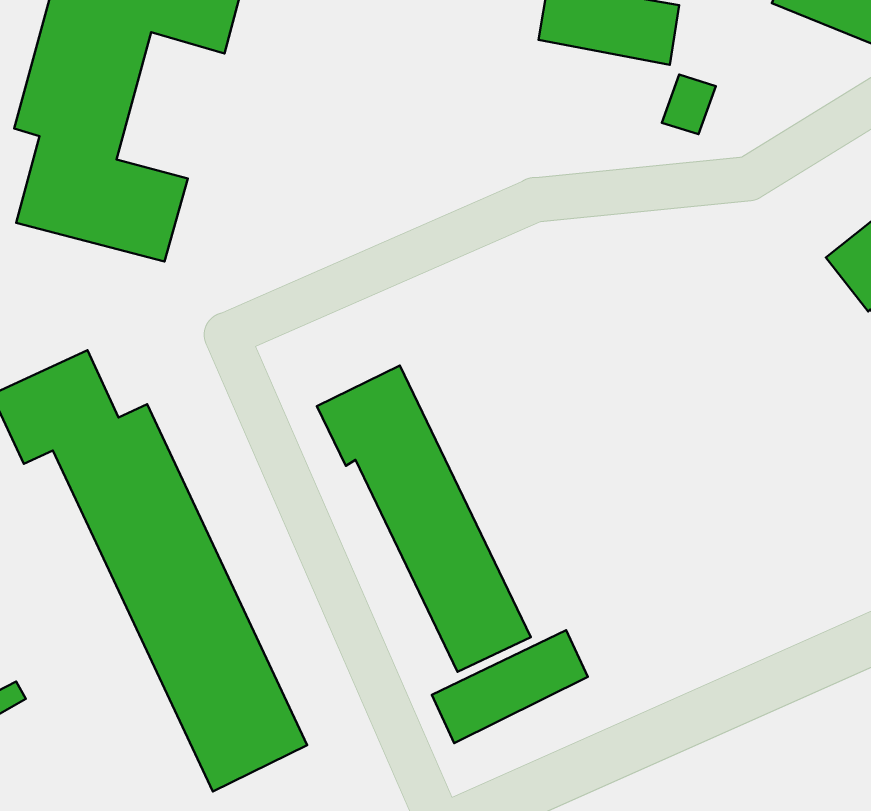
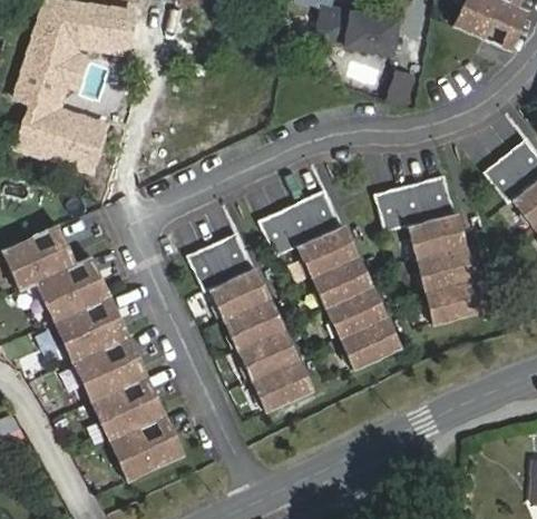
building: none -> [372,175,482,325]
building: none -> [260,192,398,368]
building: [432,630,588,743] -> none

